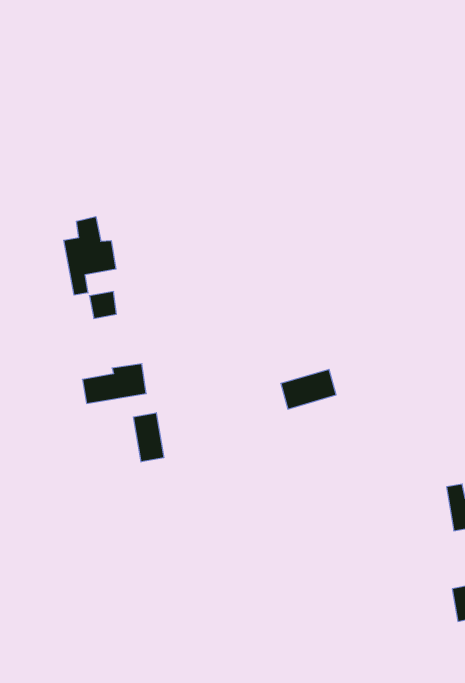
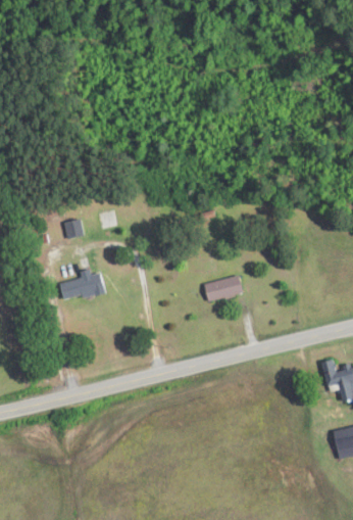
building: [64,217,116,295] -> none
building: [134,413,164,462] -> none

